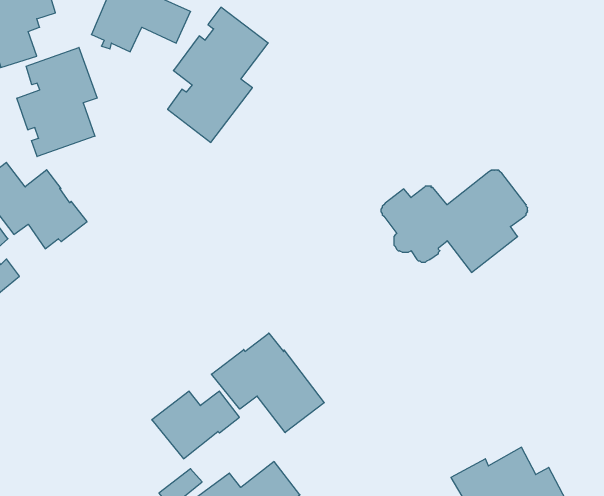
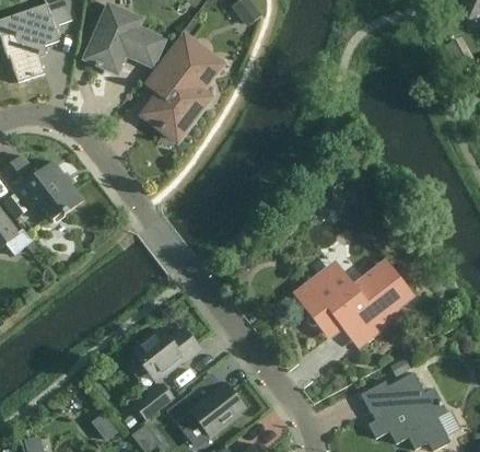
building: [17,47,97,157] -> none
building: [381,170,528,272] -> [297,264,409,341]
building: [211,333,324,433] -> none

